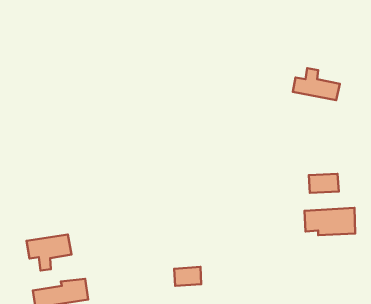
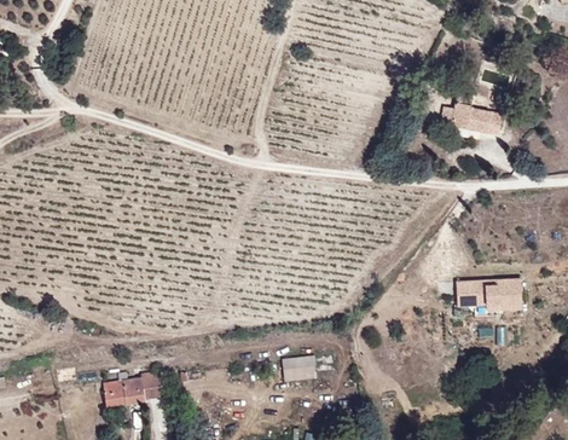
building: [309,174,339,193] -> none
building: [27,235,72,270] -> none

